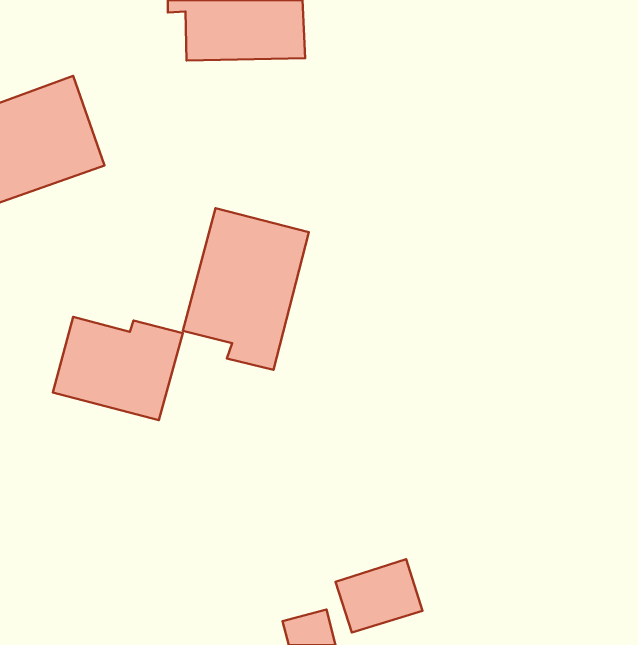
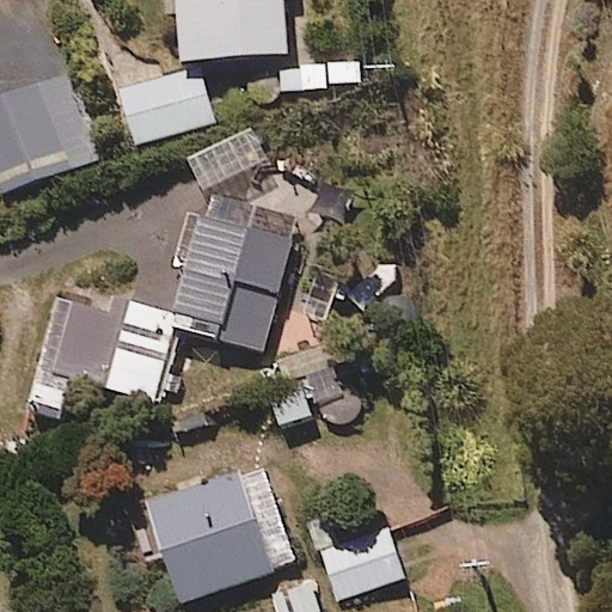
building: none -> [114,72,210,145]
building: none -> [147,467,292,600]

